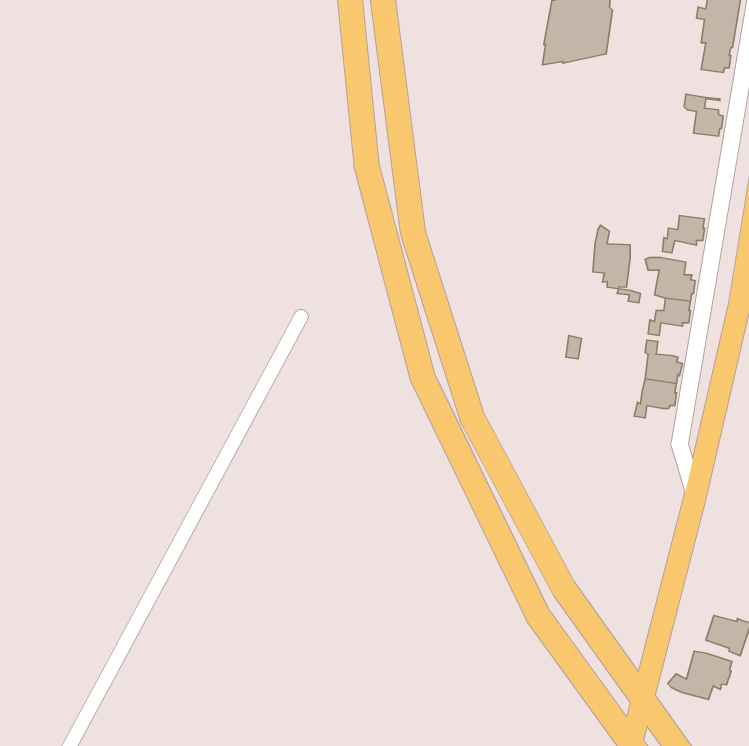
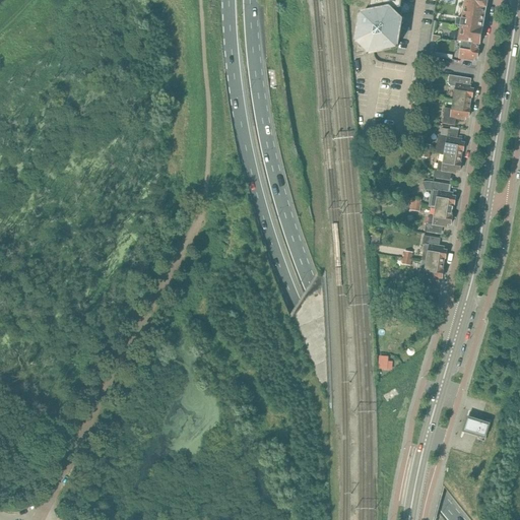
building: none -> [443,99,470,124]
building: none -> [436,126,464,154]
building: [593,225,630,289] -> none
building: [668,651,732,700] -> none

